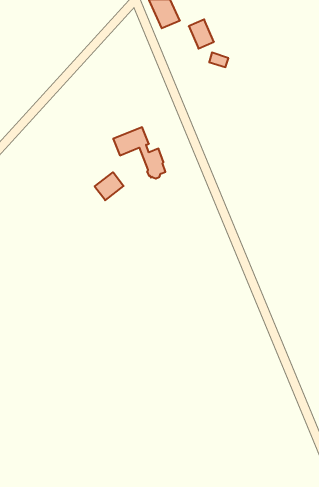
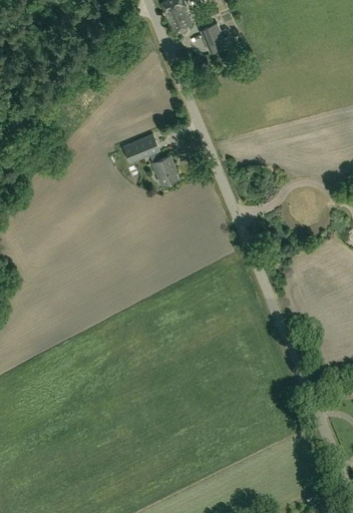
building: [95,172,124,200] -> none

